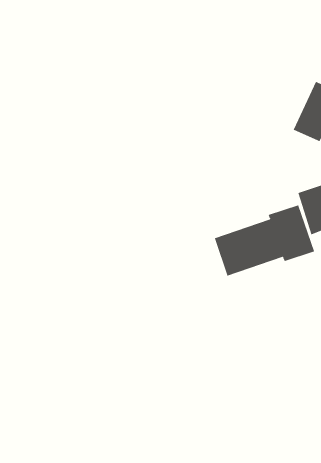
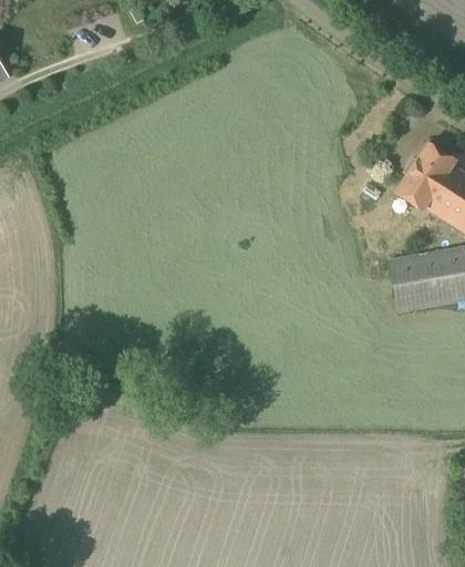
building: [214,204,315,277] -> none

